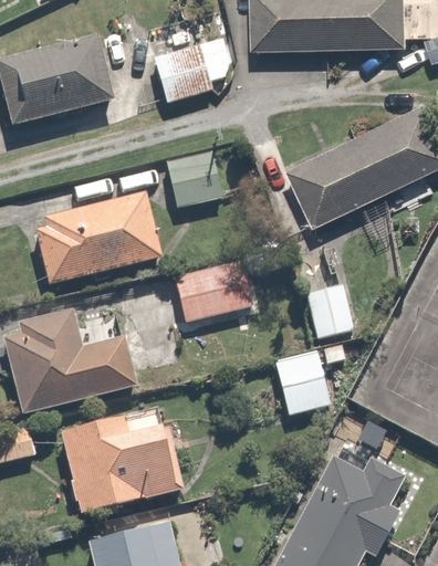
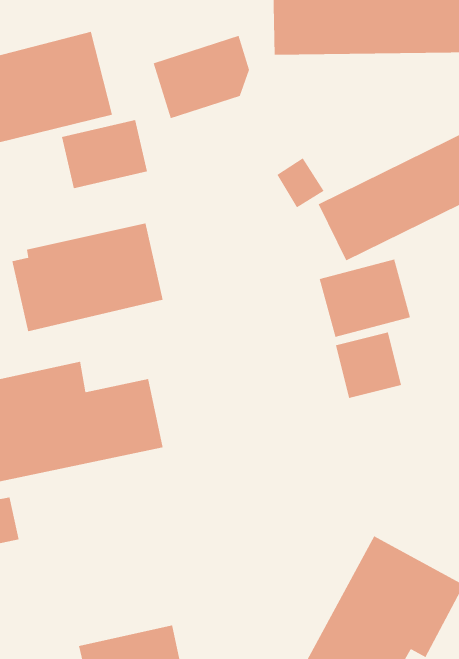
building: [159,150,231,208] -> [61,120,148,189]
building: [171,259,248,324] -> [319,259,411,338]
building: [271,348,333,420] -> none
building: [54,409,188,520] -> none

